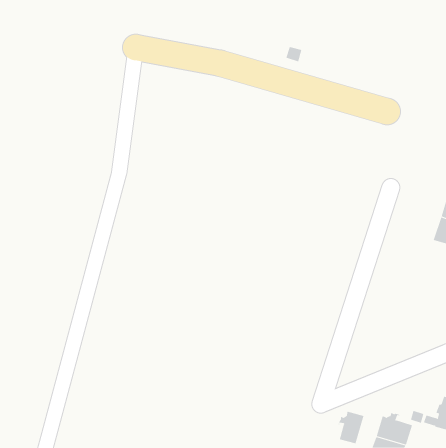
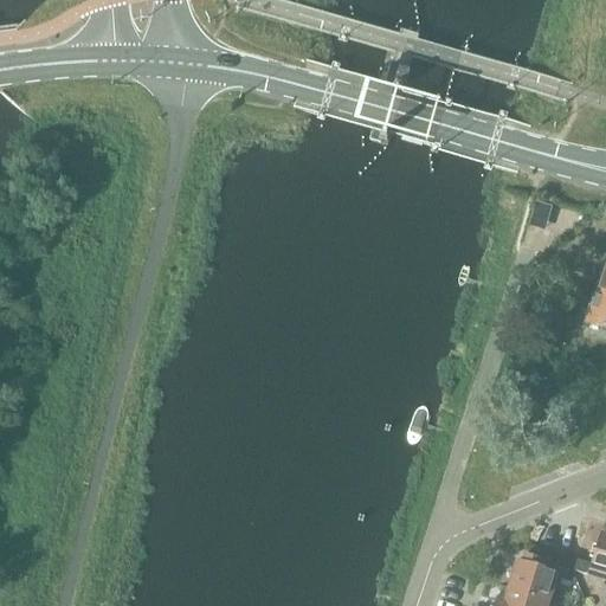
building: [338,411,364,444] -> none

